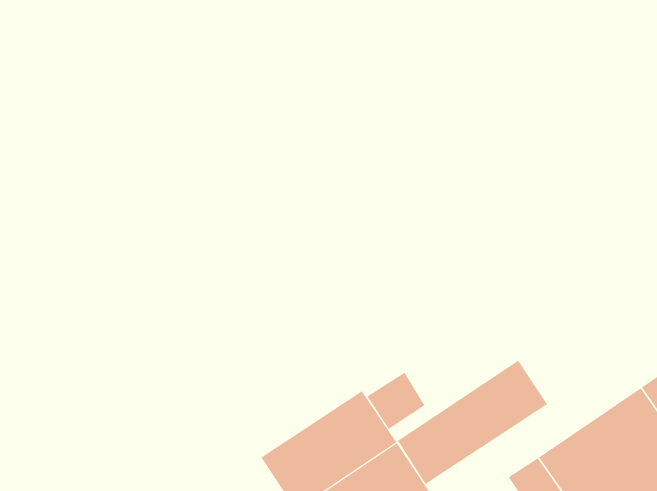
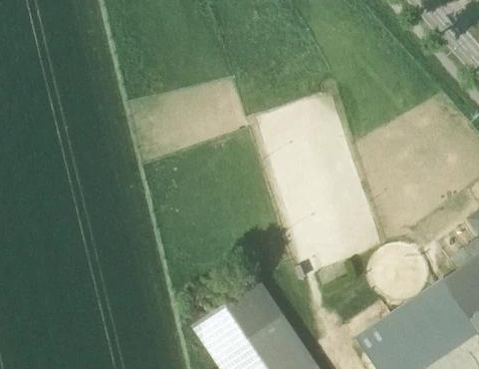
building: [397,360,548,485] -> none
building: [366,372,425,430] -> none

